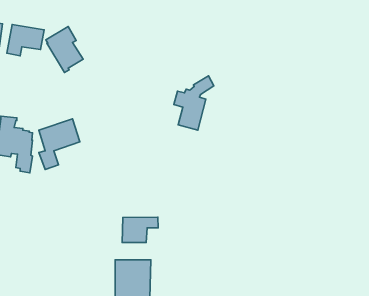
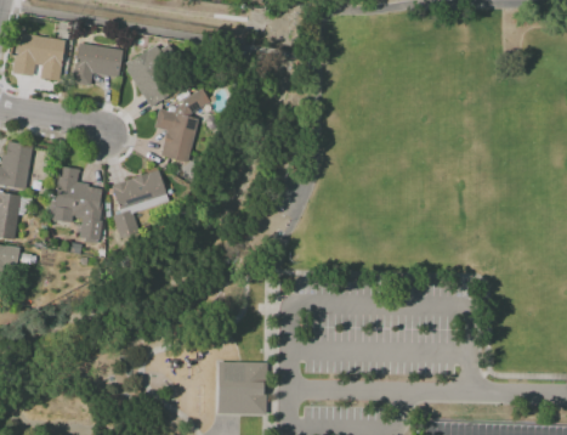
building: [174,76,214,130] -> [155,89,210,163]
building: [122,217,158,243] -> none

